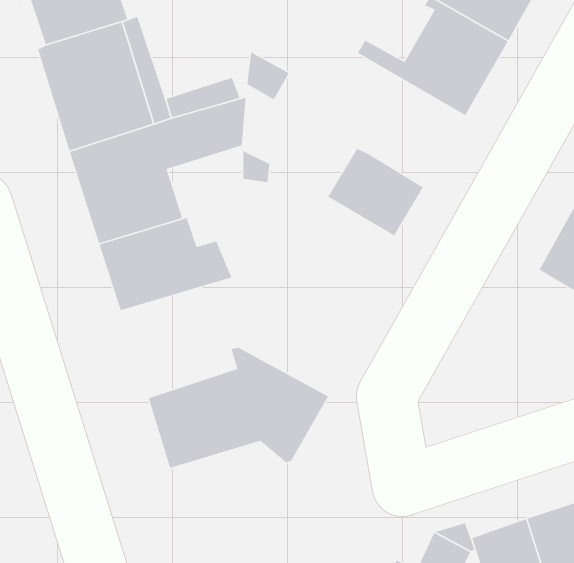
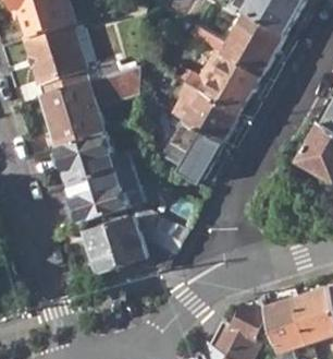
building: none -> [184,57,260,115]
building: none -> [157,117,221,179]
building: none -> [70,165,137,219]

